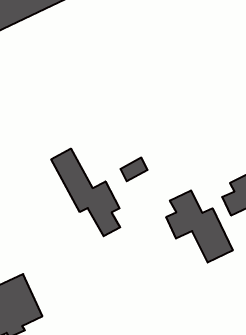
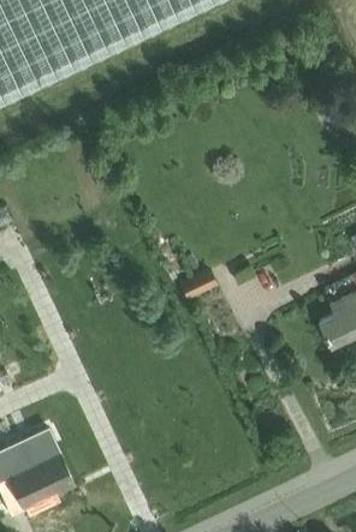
building: [51,149,120,236] -> none
building: [166,190,233,263] -> none

